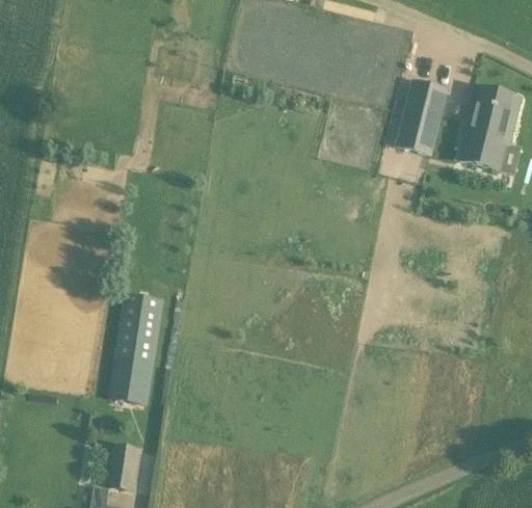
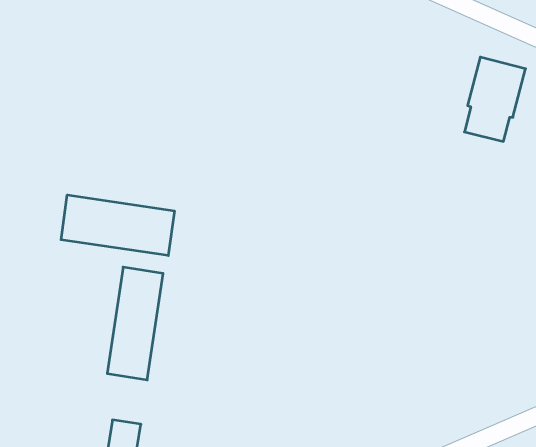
building: [398,81,447,154] -> none
building: none -> [61,195,174,256]

